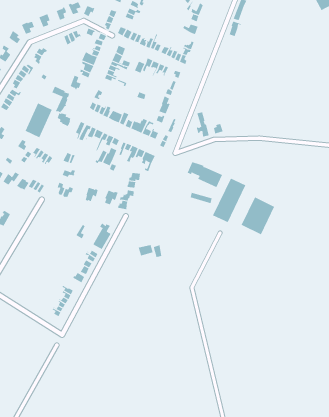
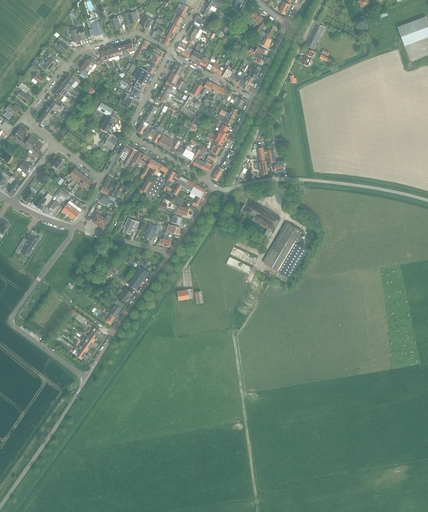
building: [25,103,53,138] -> none
building: [241,197,275,235] -> none

